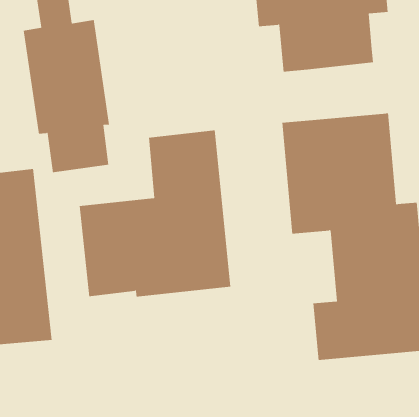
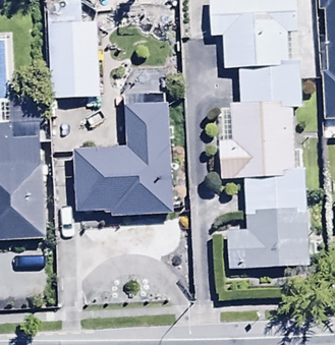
building: none -> [240,57,300,102]

